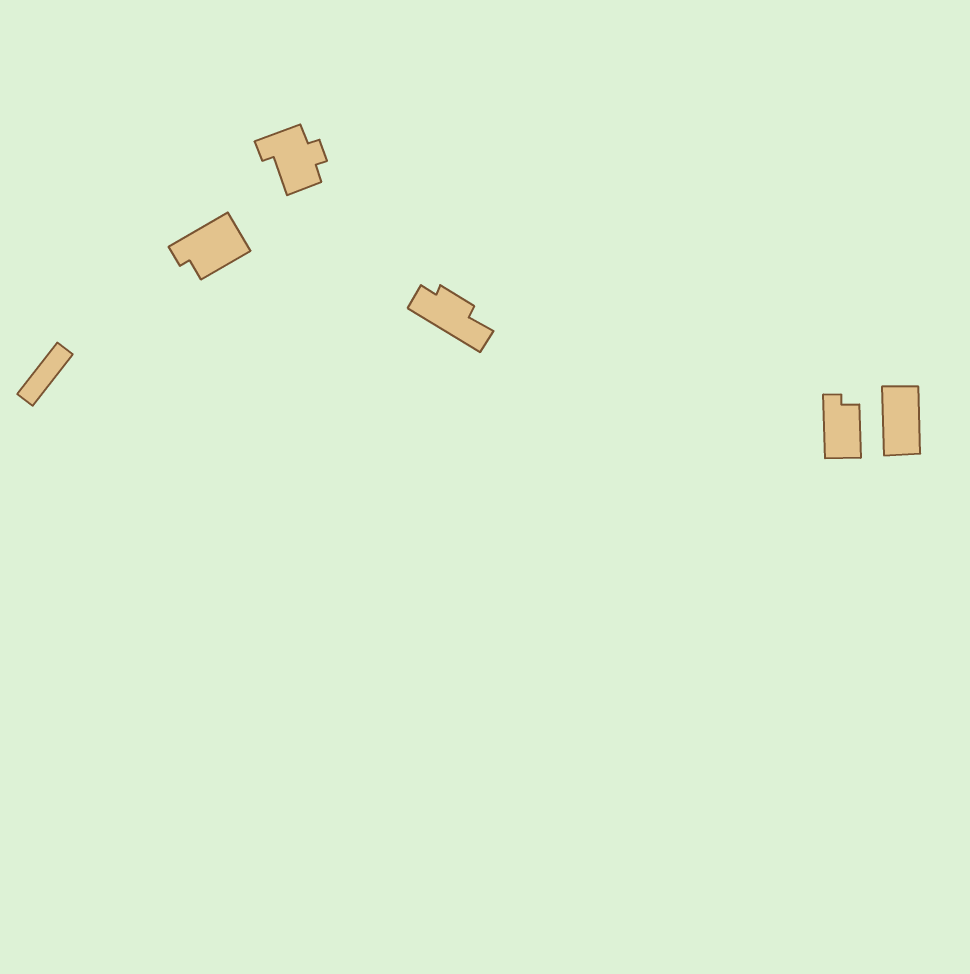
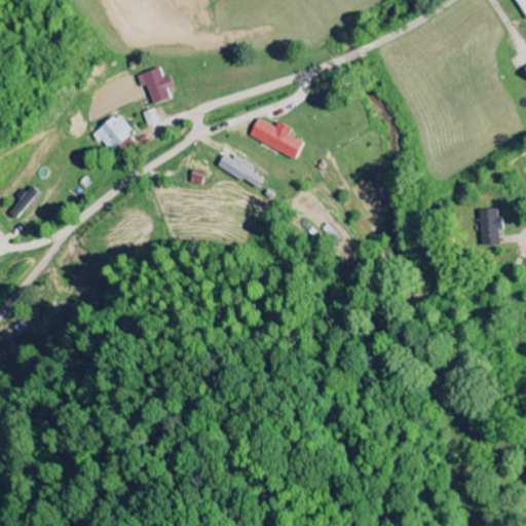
building: none -> [250,118,305,157]
building: [823,394,861,458] -> none

